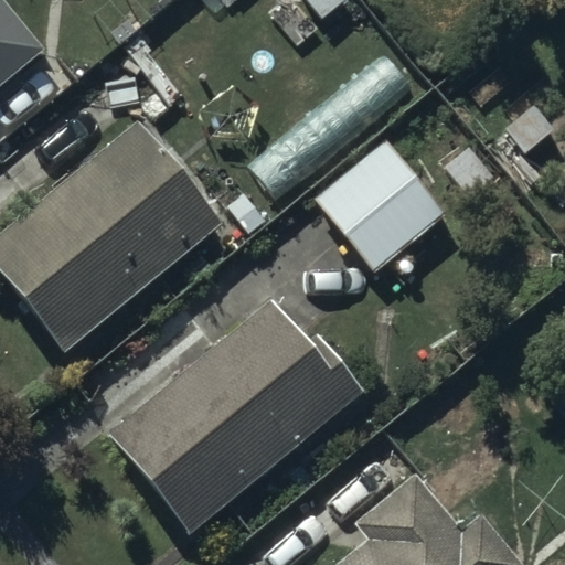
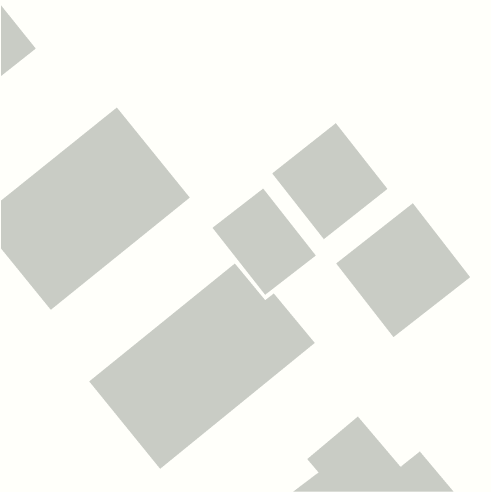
building: none -> [211,187,317,296]
building: none -> [335,202,471,338]

